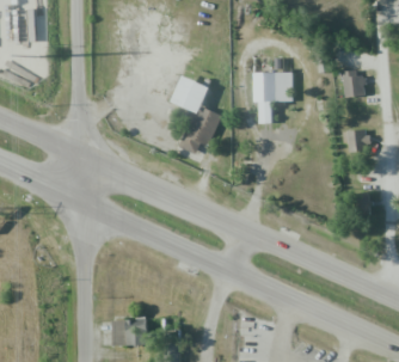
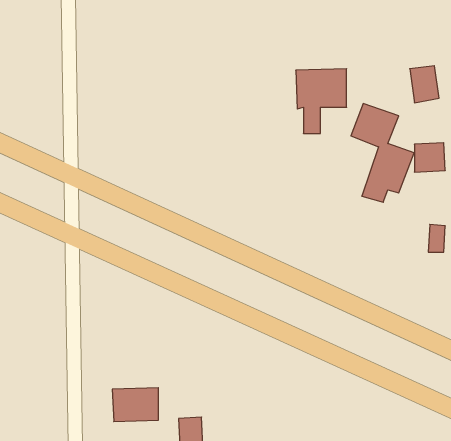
building: [172,76,221,153] -> [351,104,414,202]

